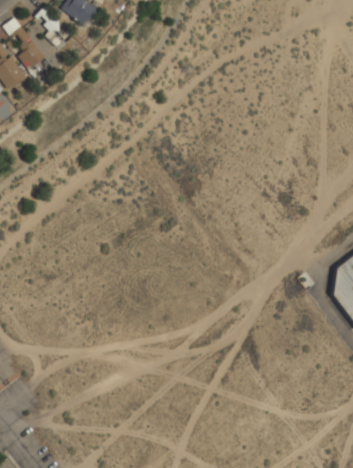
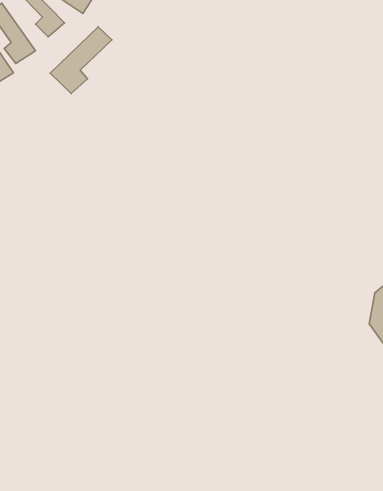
building: none -> [50,27,112,93]

